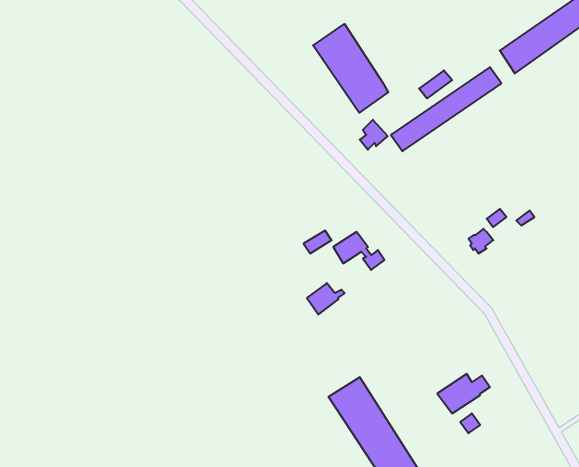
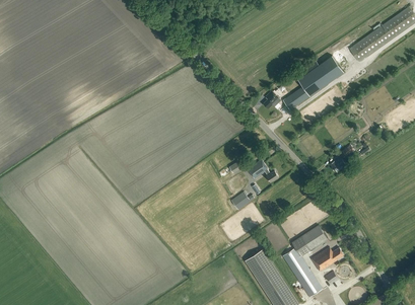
building: [313,24,388,113] -> none
building: none -> [282,225,327,297]

